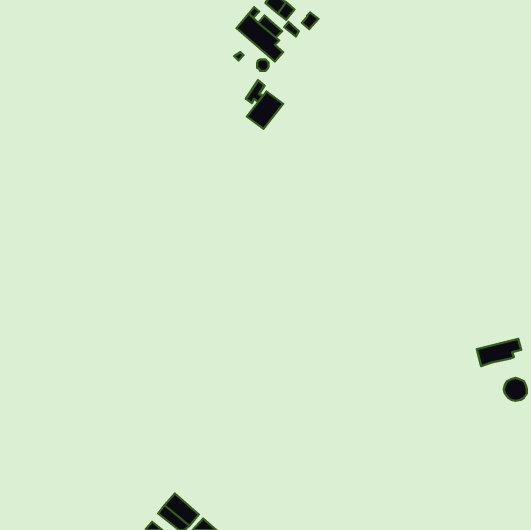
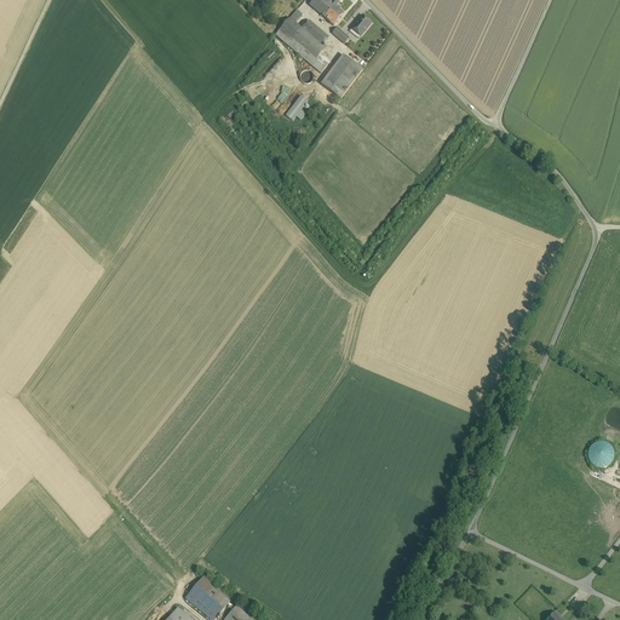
building: [247,91,283,129] -> [320,53,362,97]
building: [477,339,521,366] -> none

